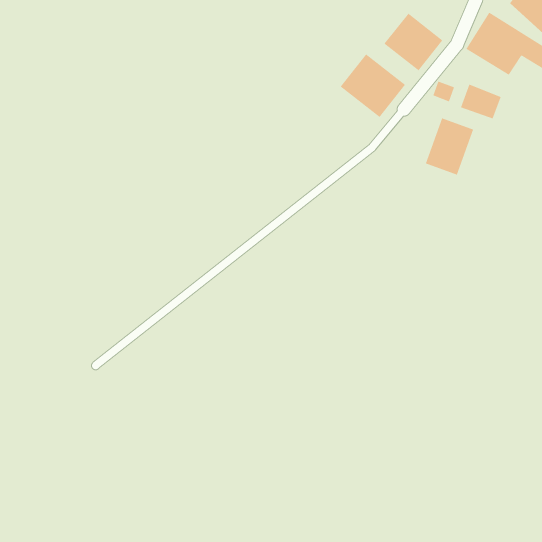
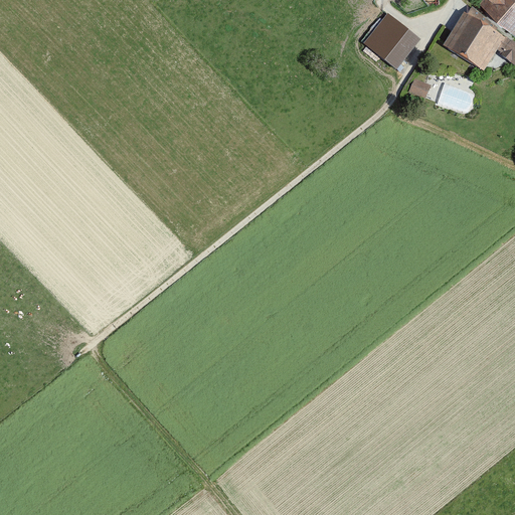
building: [340,53,406,118] -> none
building: [425,118,474,175] -> none

